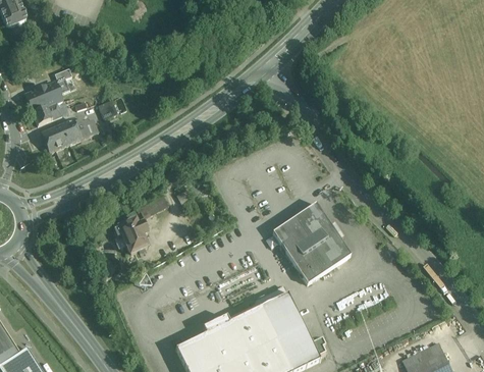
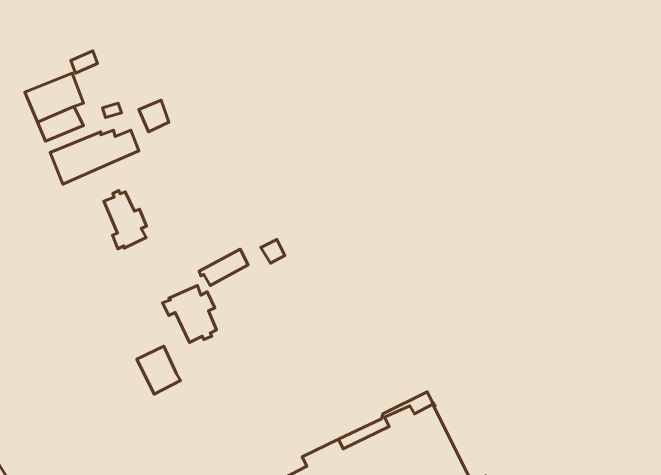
building: none -> [104,190,146,249]
building: [272,202,351,283] -> none
building: none -> [137,346,181,394]

